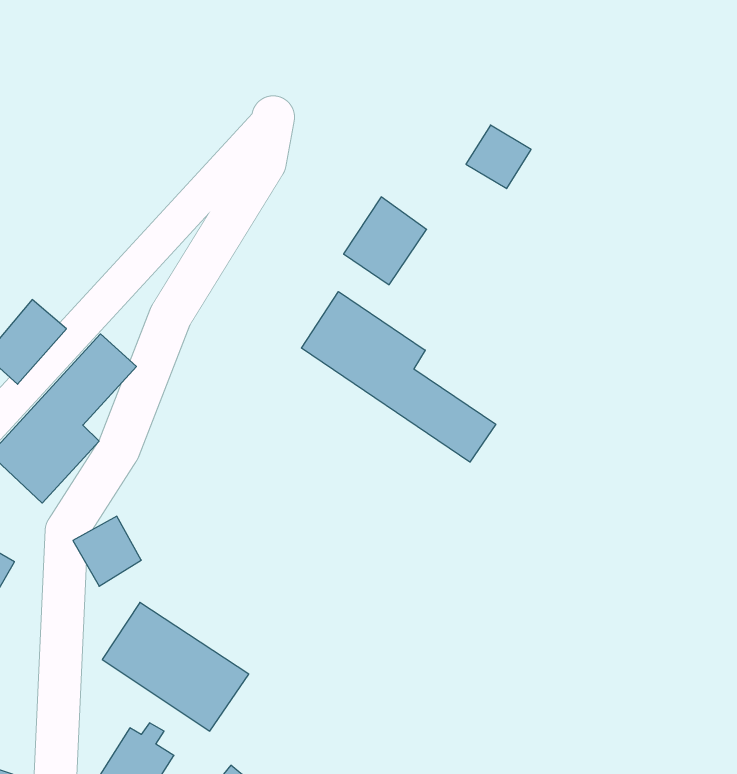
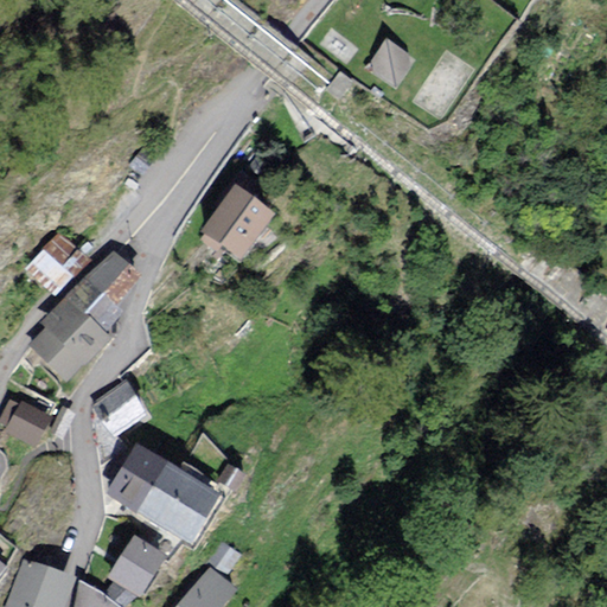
building: [466,125,531,189] -> [364,36,411,82]
building: [344,197,427,285] -> [205,192,266,256]
building: [301,292,496,462] -> none

